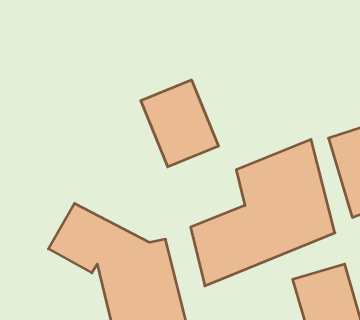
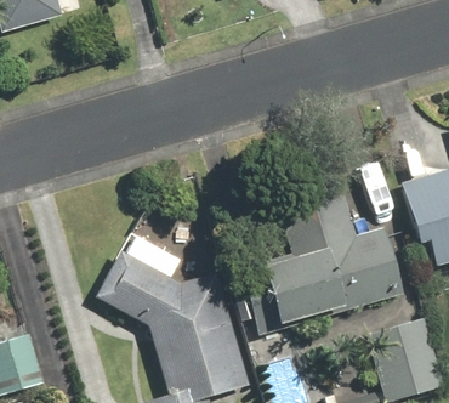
building: [141,80,218,167] -> none

